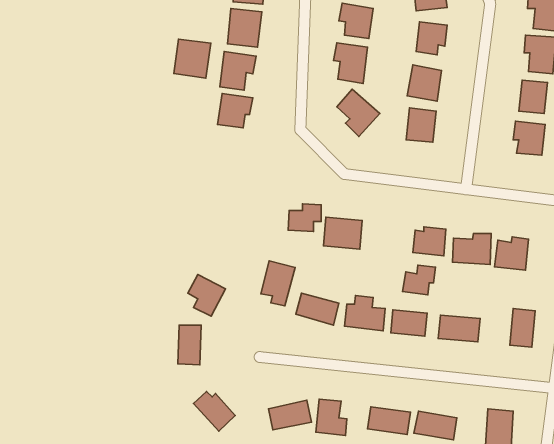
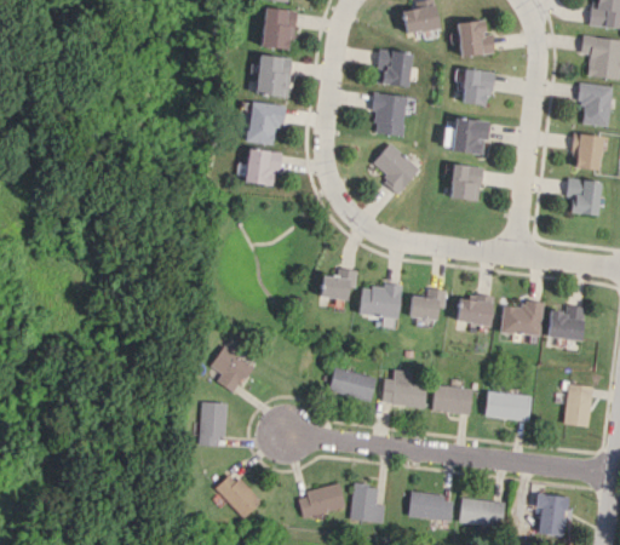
building: [174,39,211,78] -> none
building: [261,261,295,306] -> none
building: [403,265,436,295] -> [408,288,444,321]

